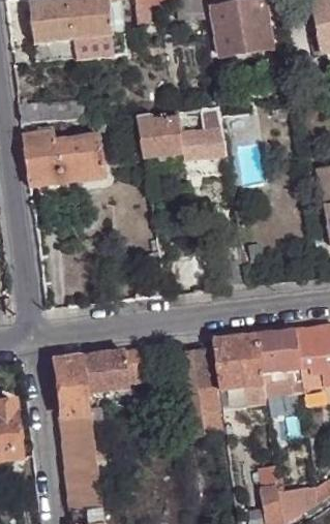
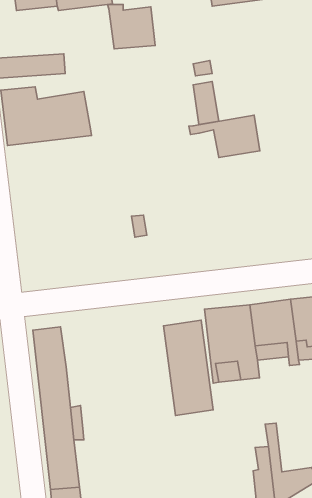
building: [140,116,184,157] -> [108,5,155,49]
building: none -> [189,115,260,158]
building: [80,348,147,393] -> none

